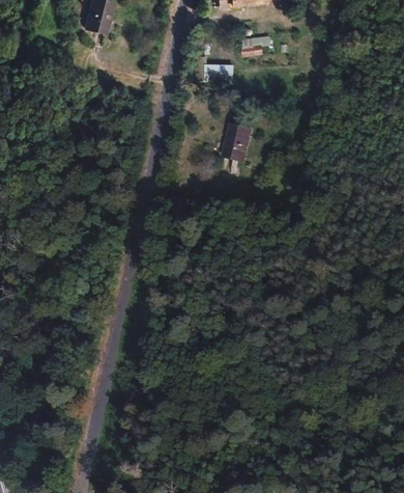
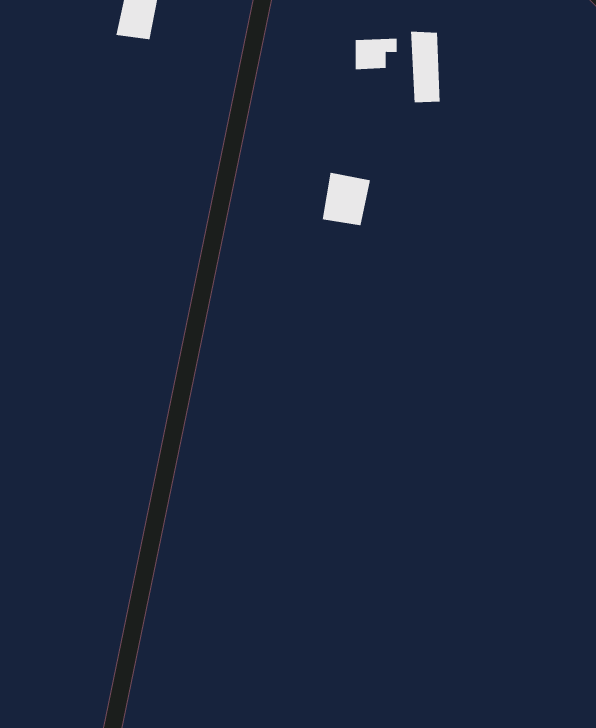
building: none -> [411,31,440,103]
building: [205,64,233,82] -> none

